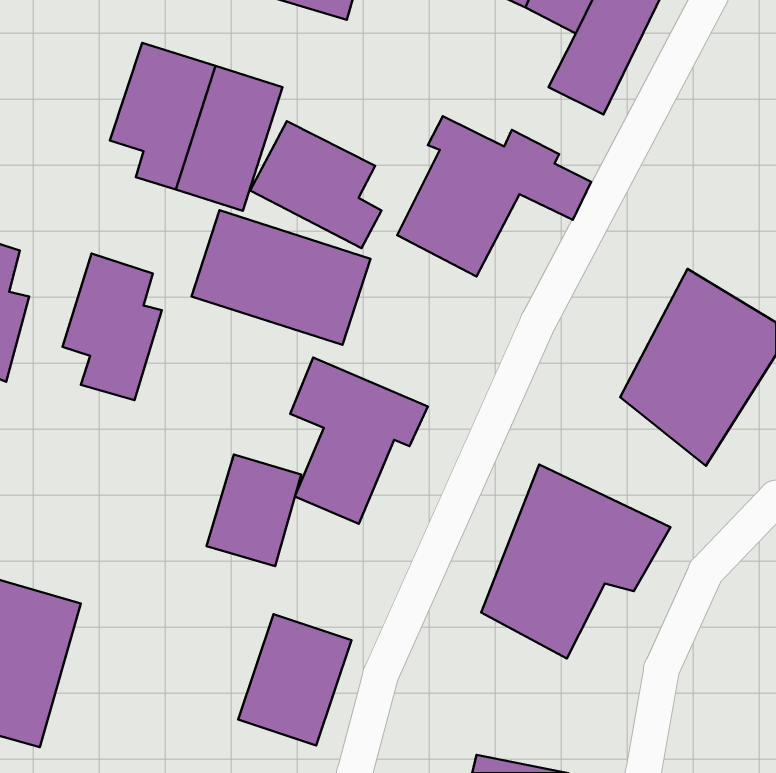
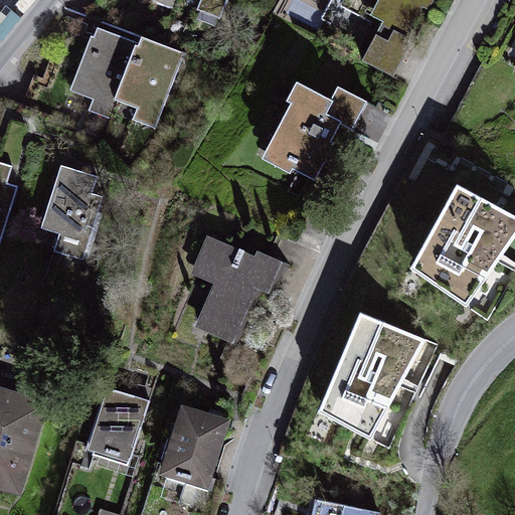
building: [250,121,381,248] -> none
building: [191,210,370,345] -> none
building: [206,454,301,566] -> [83,387,146,461]

